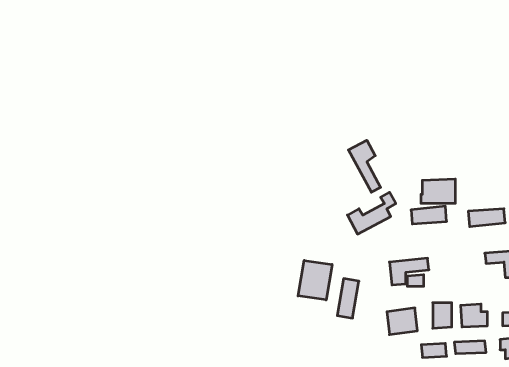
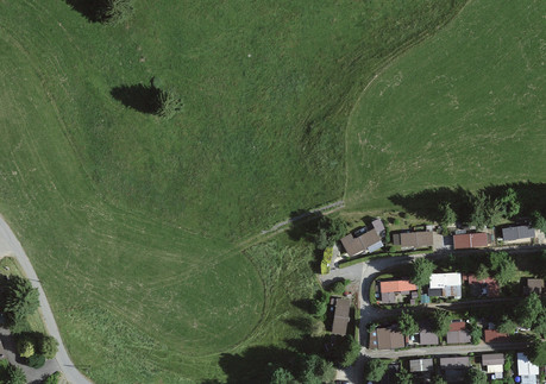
building: [348,140,381,192] -> none
building: [421,179,455,203] -> [428,273,460,296]
building: [298,260,332,300] -> none

